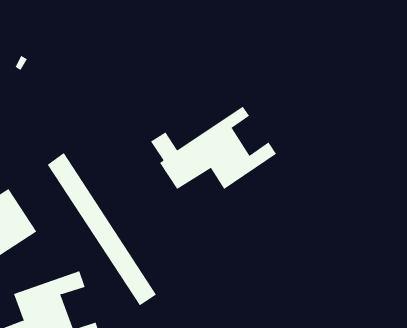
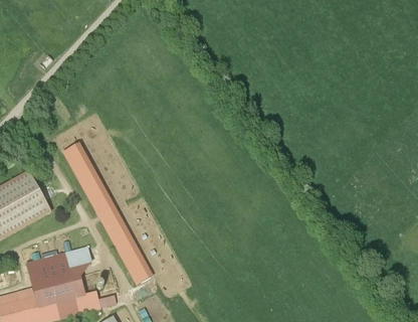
building: [150,106,277,190] -> none

